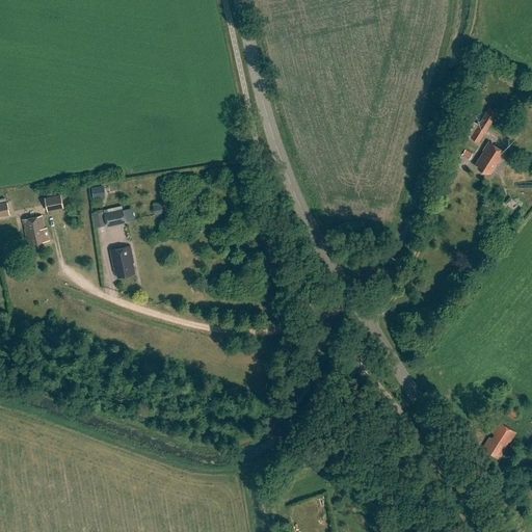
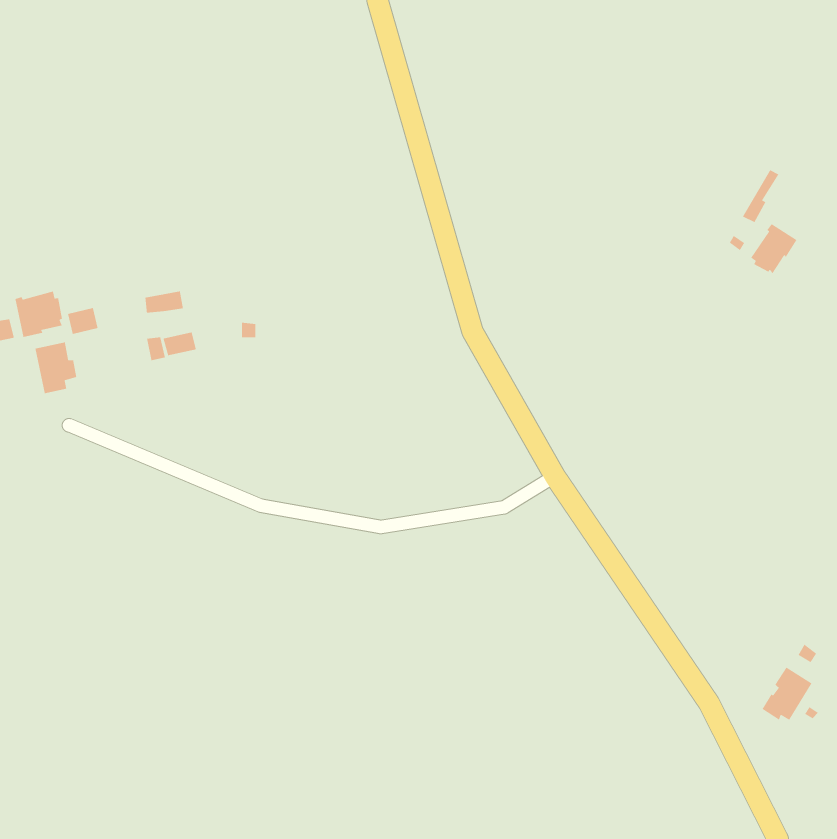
building: none -> [14,290,63,338]
building: [110,246,135,277] -> none

